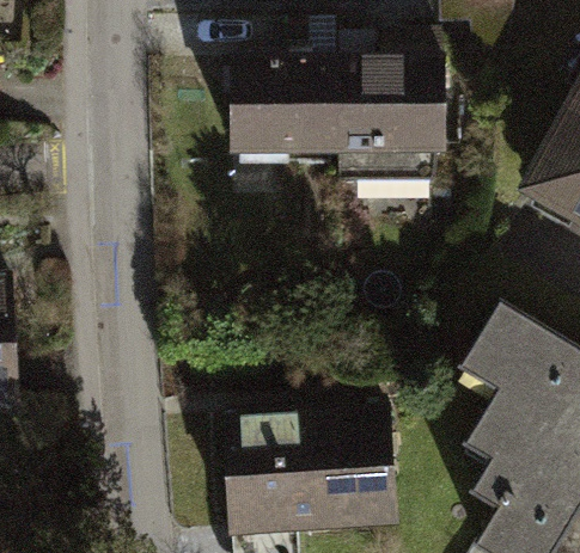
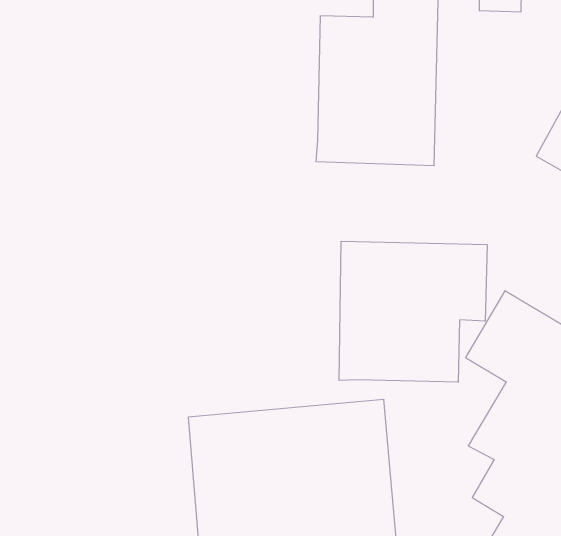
building: [231,60,337,171] -> none
building: none -> [339,241,487,382]

